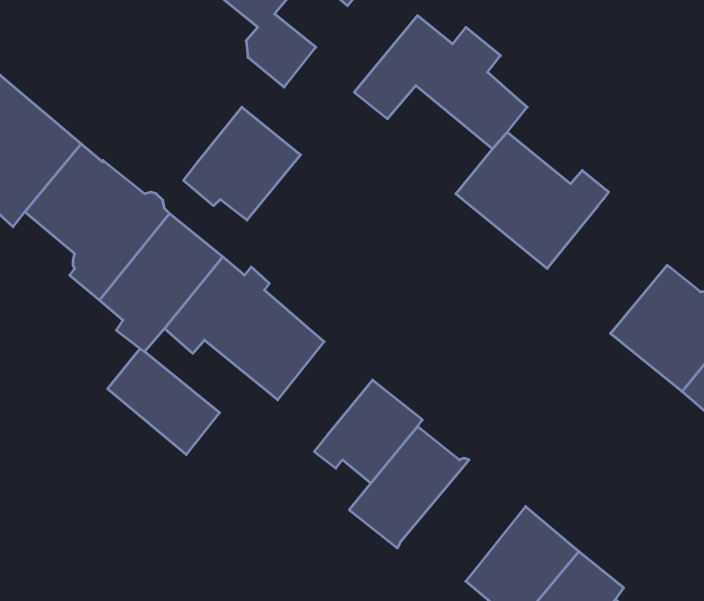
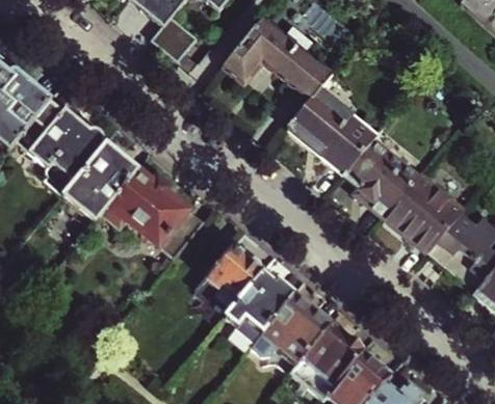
building: [184,107,301,220] -> none
building: none -> [344,136,419,215]
building: [108,349,220,455] -> none
building: none -> [253,288,331,370]

